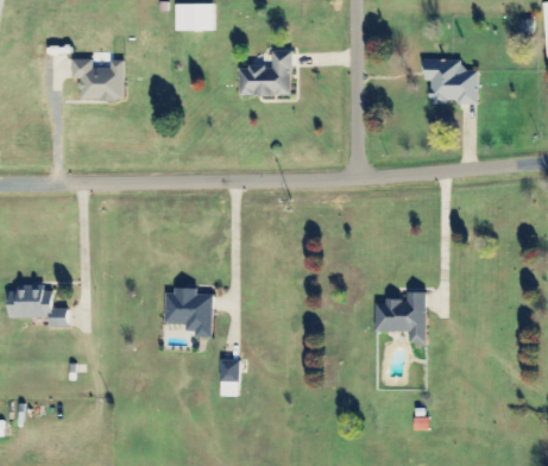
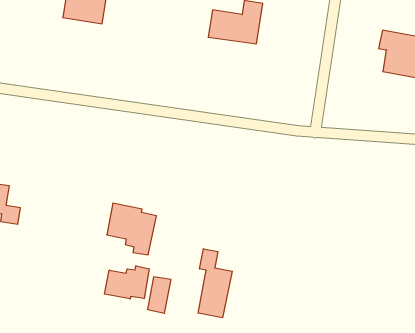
building: [376,291,427,342] -> none
building: none -> [198,249,232,318]
building: none -> [105,266,149,299]

